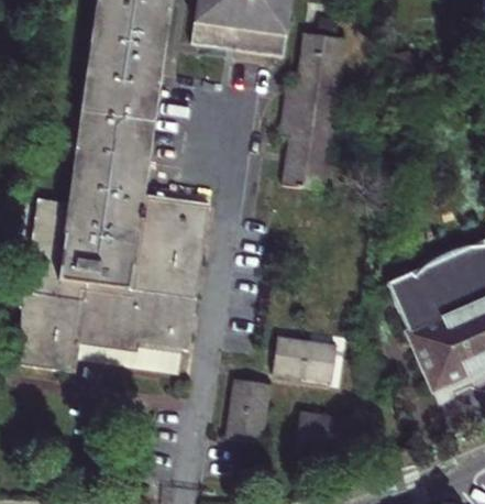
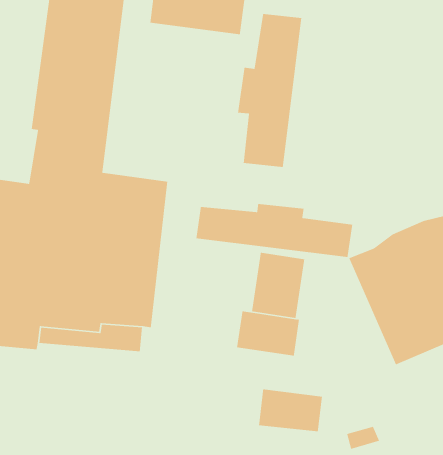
building: none -> [196,203,353,258]
building: none -> [251,252,305,319]
building: [231,380,275,443] -> none

